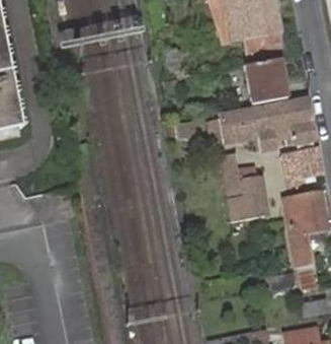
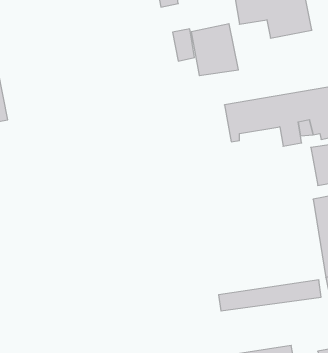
building: [245,58,286,104] -> [191,24,238,76]
building: [225,161,264,218] -> none

